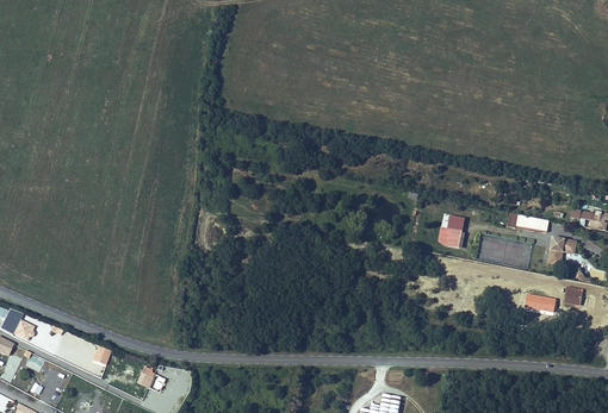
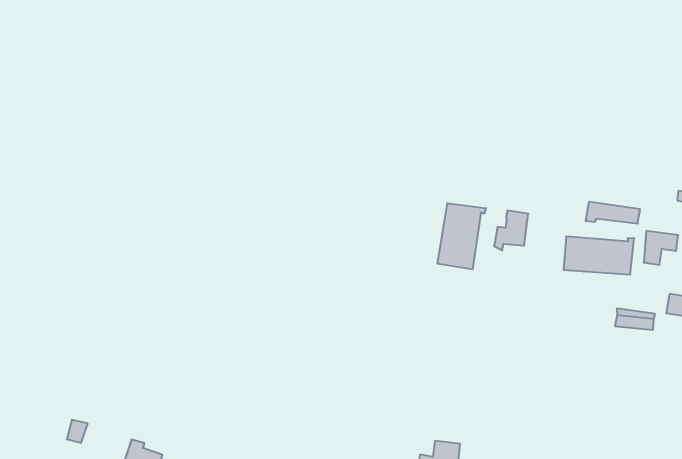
building: none -> [438,203,486,269]

